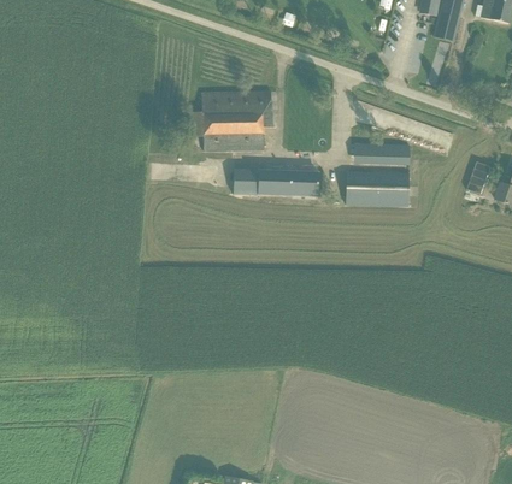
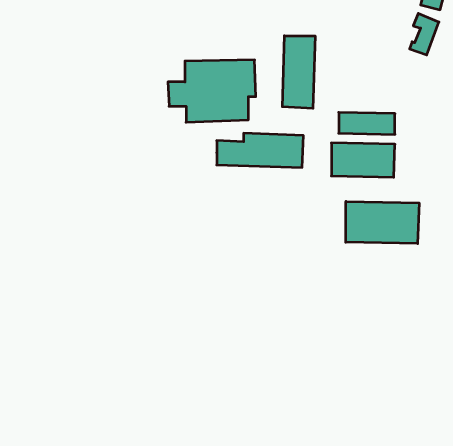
building: none -> [282,36,315,108]
building: none -> [346,201,419,244]

